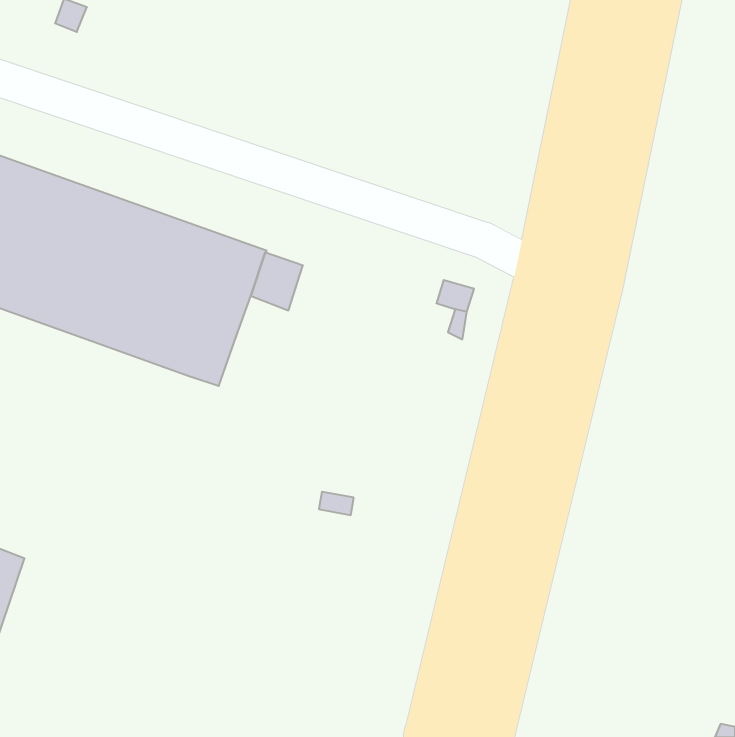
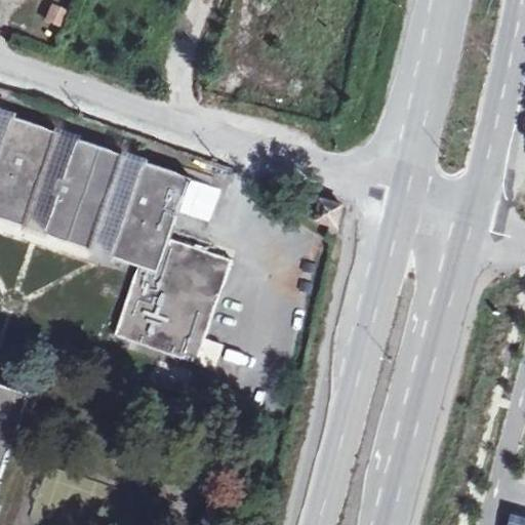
building: none -> [108,238,229,368]

